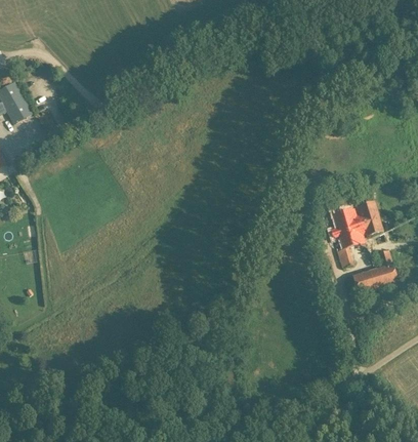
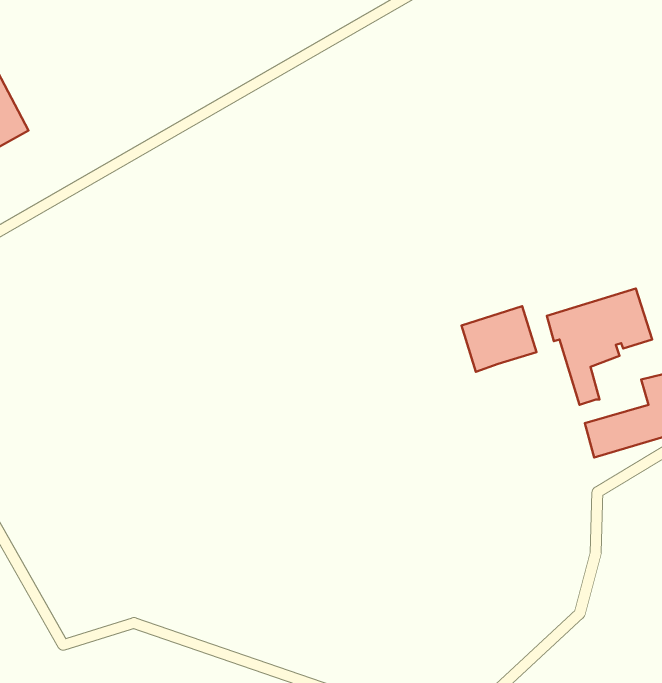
building: none -> [461,306,537,372]

